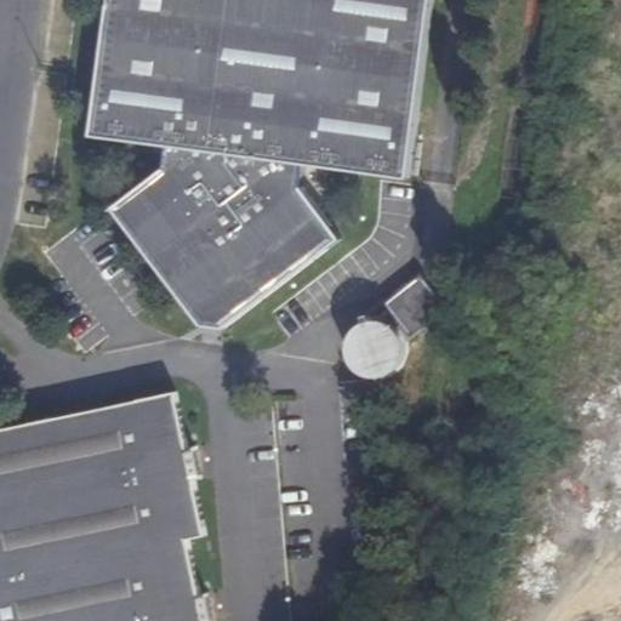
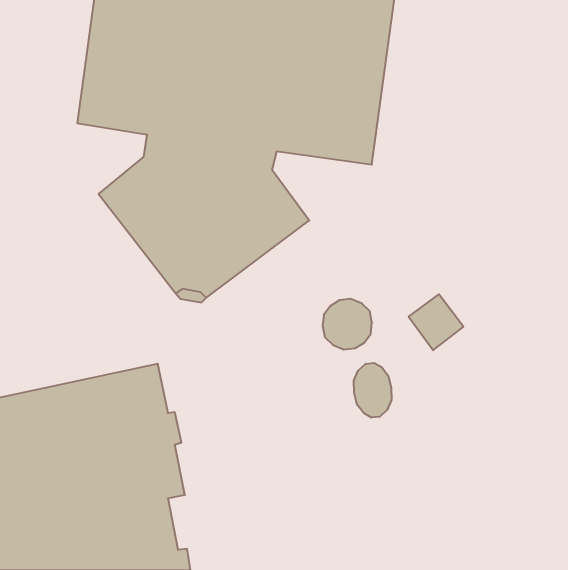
building: [380,275,439,336] -> [409,294,463,350]
building: none -> [354,363,392,418]

